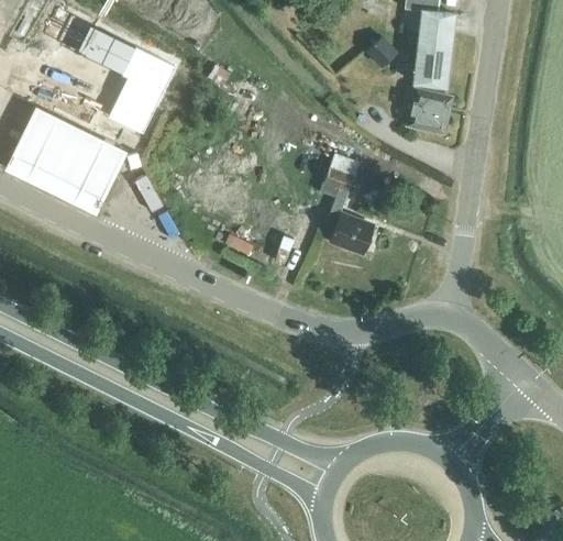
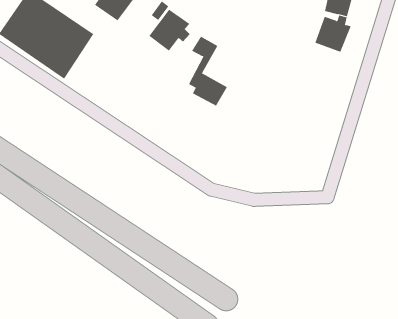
building: none -> [149,9,190,51]
building: [321,165,374,252] -> [188,36,228,106]

